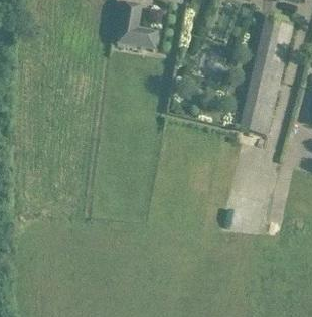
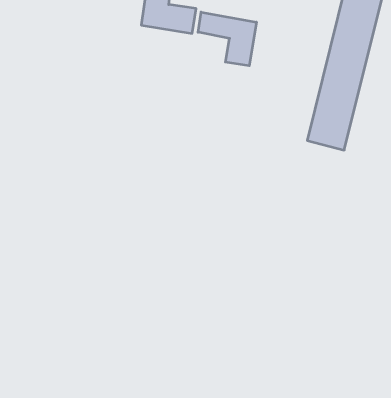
building: none -> [198,12,256,66]

